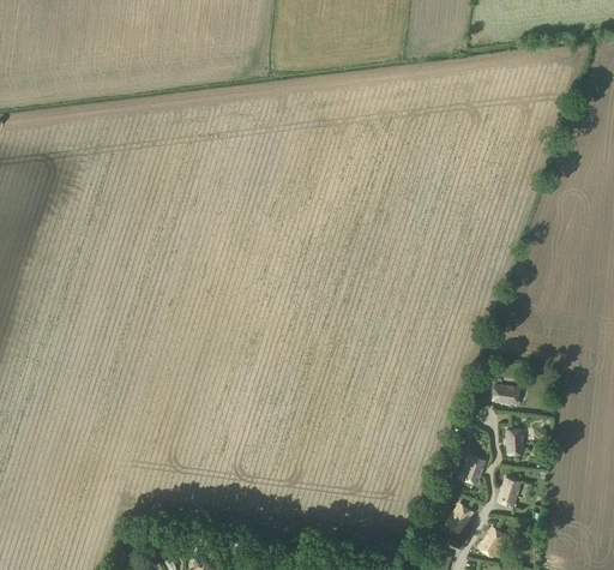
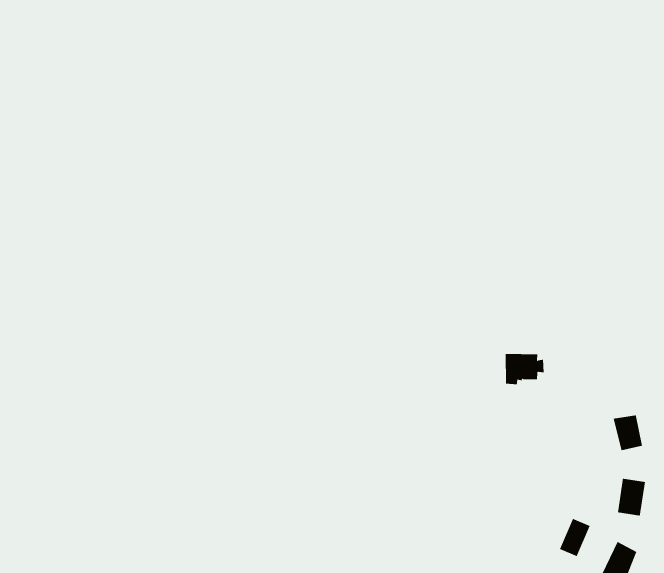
building: [492,382,525,408] -> [505,353,544,385]
building: [460,452,487,485] -> none

